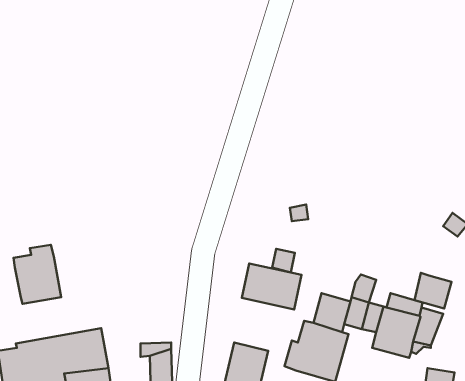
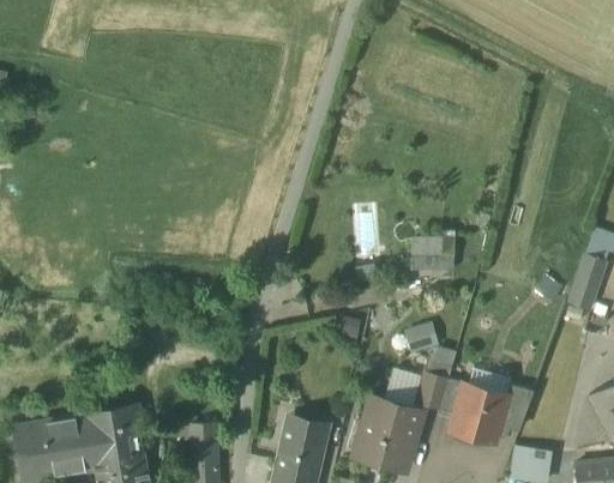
building: none -> [410,236,453,270]
building: [14,245,61,304] -> none
building: none -> [402,321,438,354]
building: [242,263,302,309] -> none
building: [414,273,451,309] -> none

